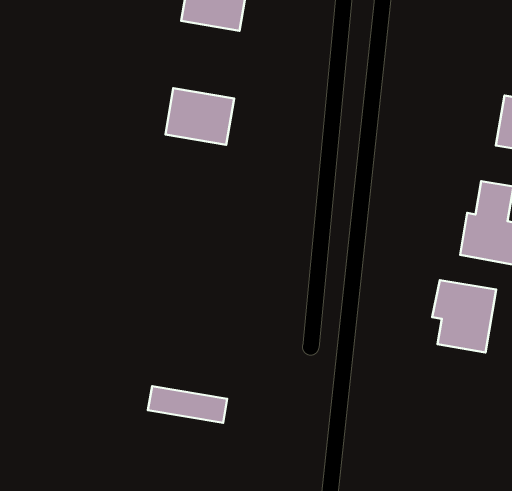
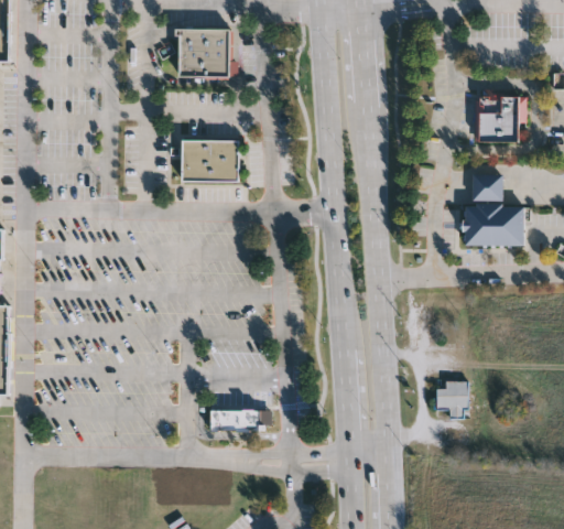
building: [432,280,496,352] -> none
building: none -> [435,382,467,420]

